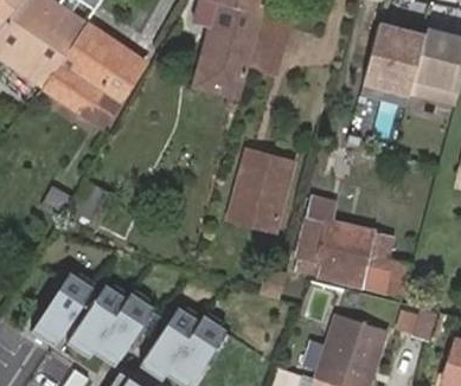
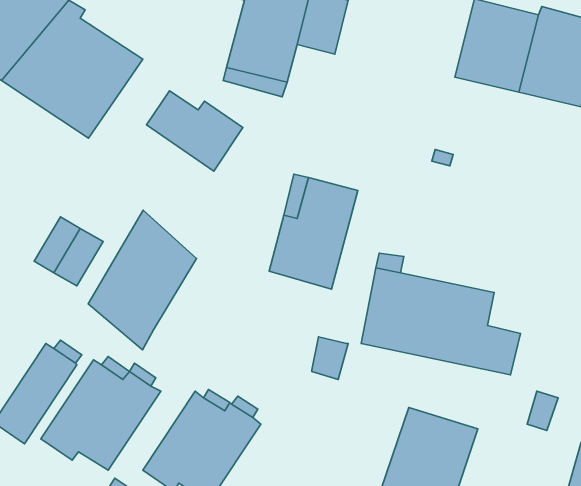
building: none -> [146,91,243,171]
building: none -> [88,210,197,350]

